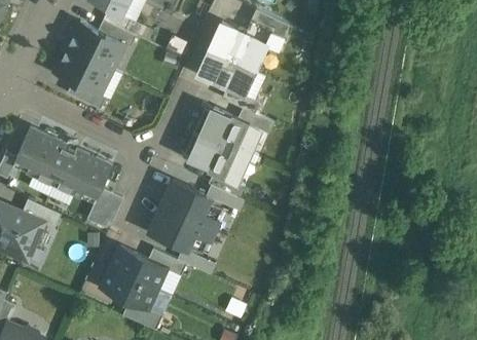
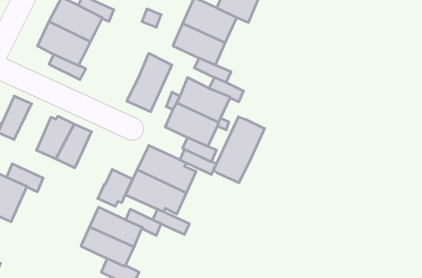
building: none -> [127,53,172,112]
building: [30,136,69,185] -> none
building: none -> [214,117,265,183]
building: [86,188,123,227] -> [98,169,133,206]

